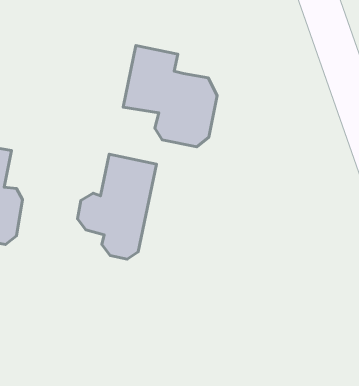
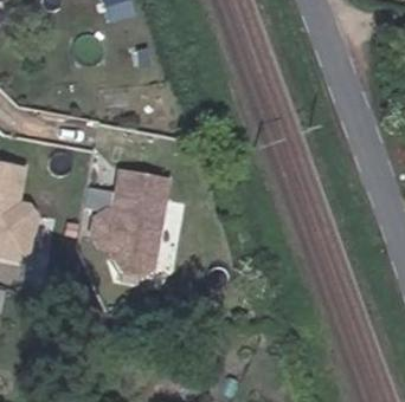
building: [123,45,217,147] -> none

